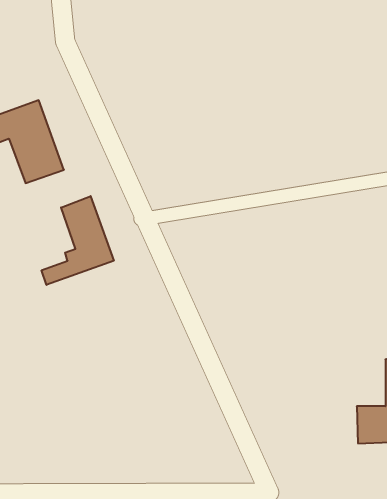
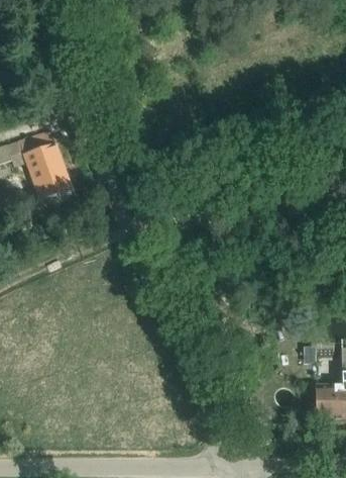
building: [42,196,114,285] -> none

